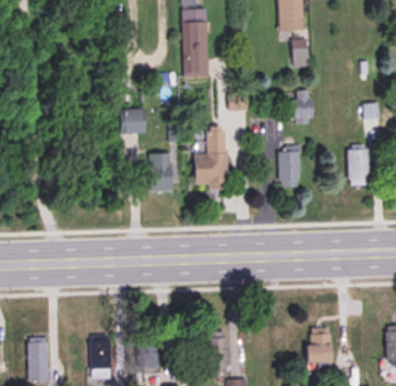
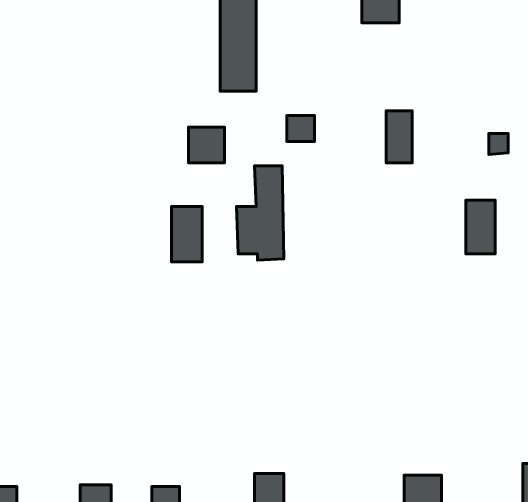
building: [292,39,309,67] -> none
building: [120,109,144,133] -> [189,127,224,163]
building: [278,152,300,186] -> none

